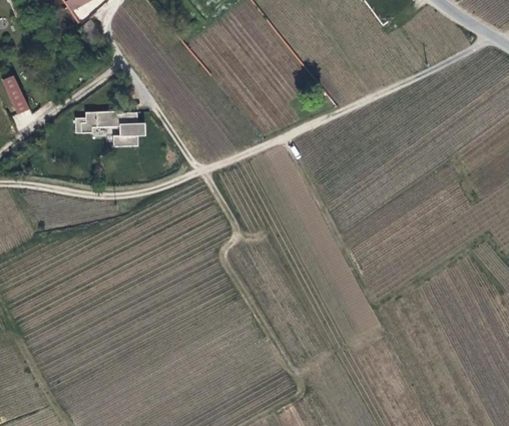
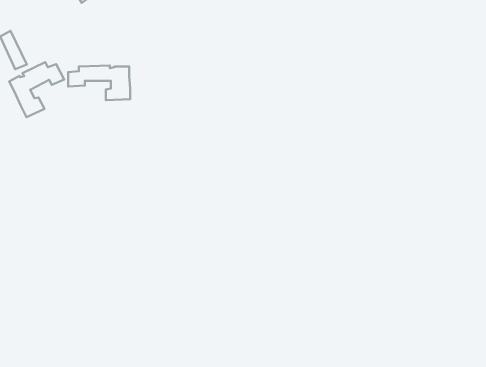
building: none -> [9,62,64,117]

